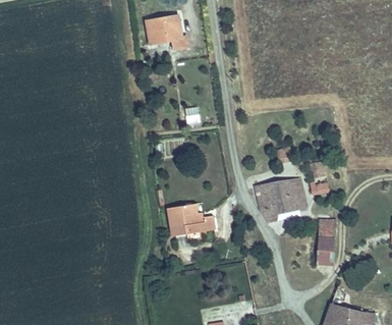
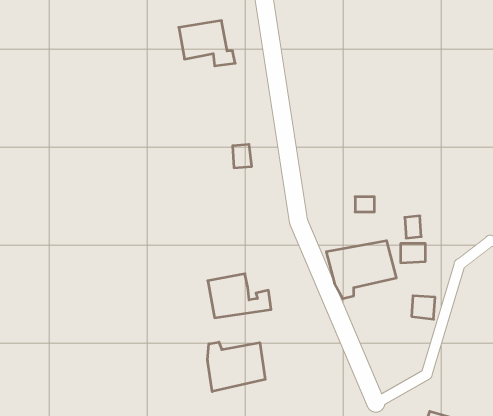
building: [317,234,335,264] -> none
building: none -> [208,342,265,392]

